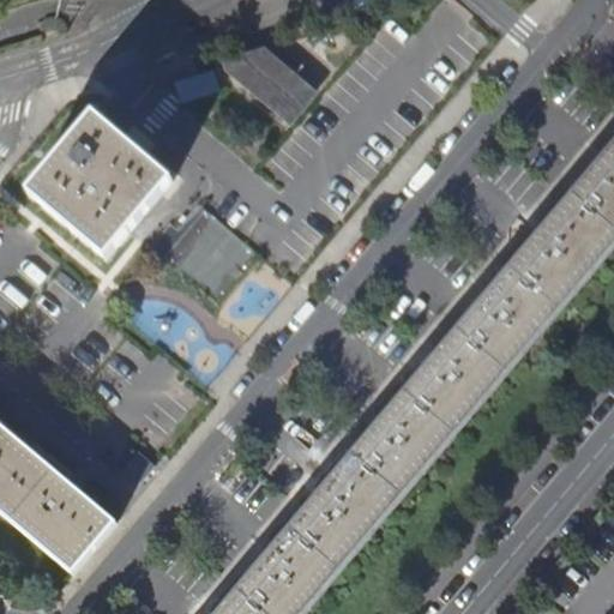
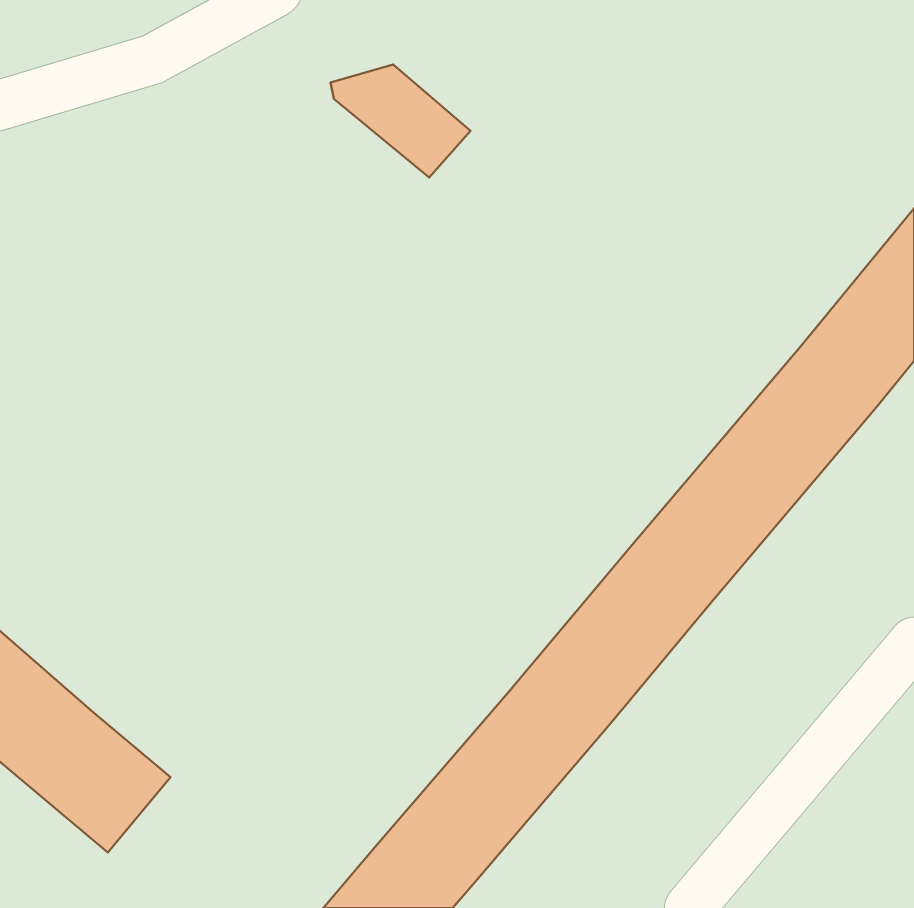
building: [26,110,170,254] -> none
building: [159,204,258,300] -> none

